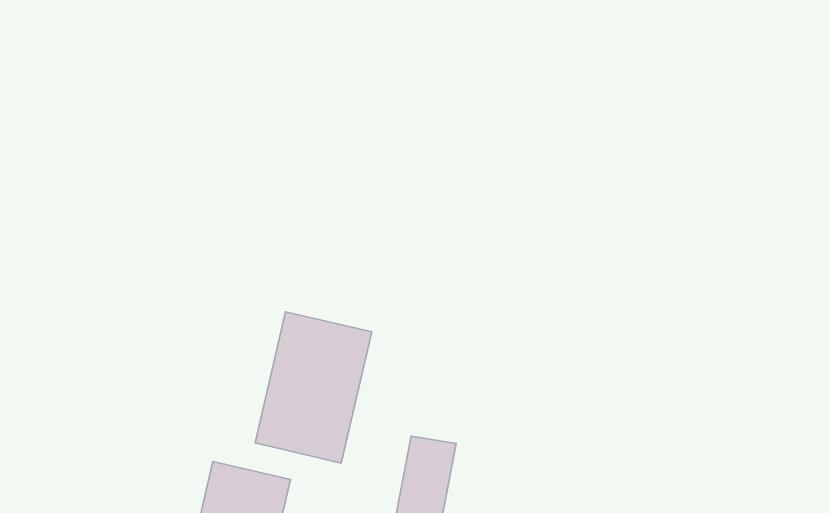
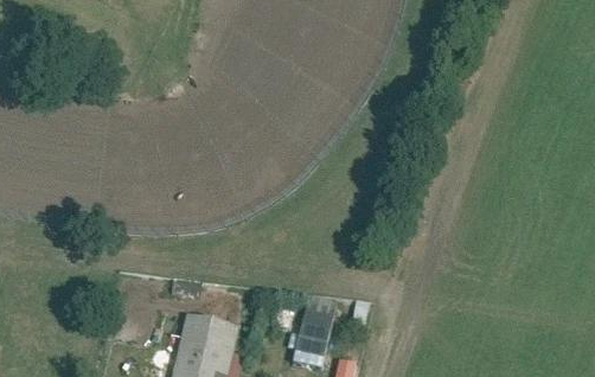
building: [255,312,372,463] -> none

